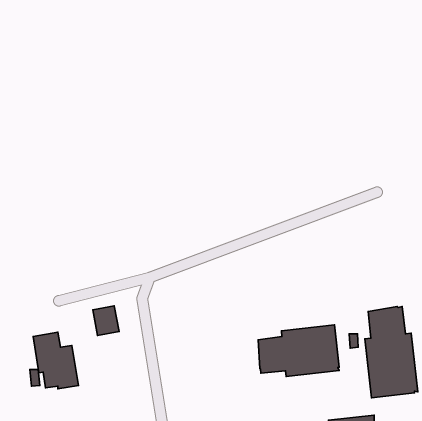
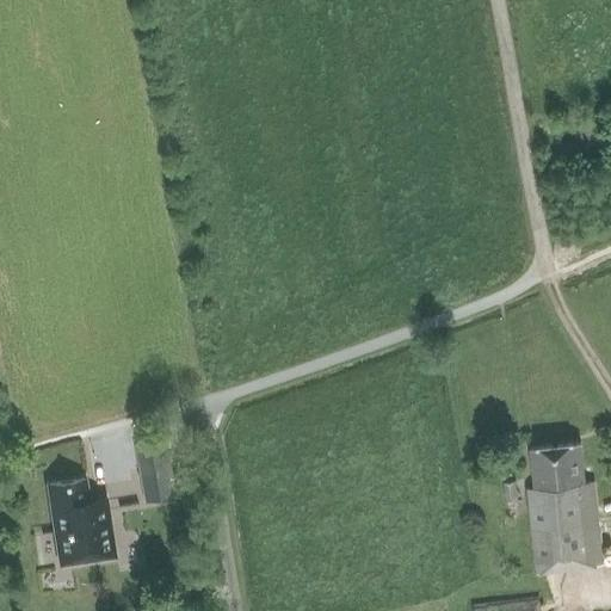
building: [258,325,339,376] -> none

